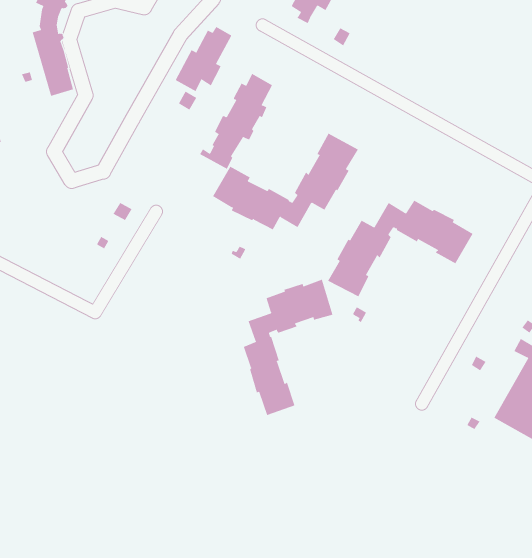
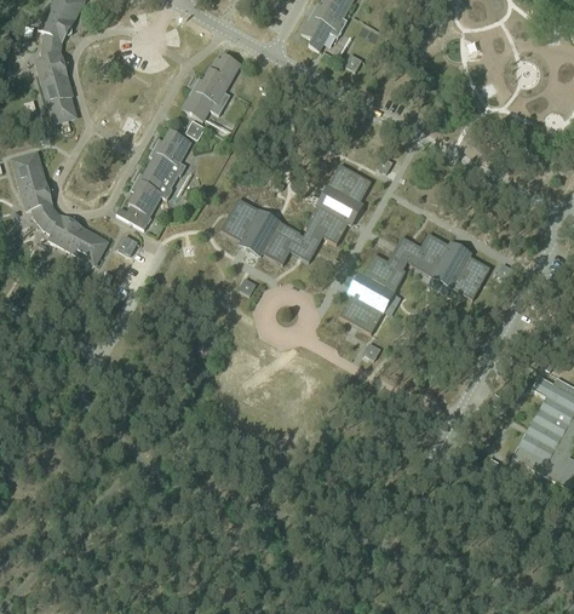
building: [199,73,273,169] -> [115,130,191,229]
building: none -> [12,153,107,264]
building: [243,279,333,416] -> none

